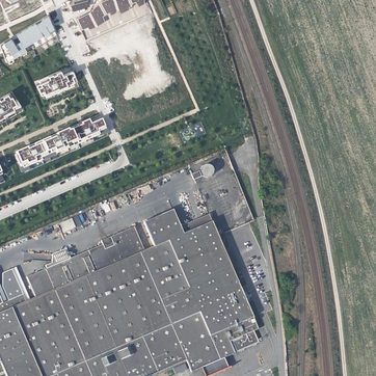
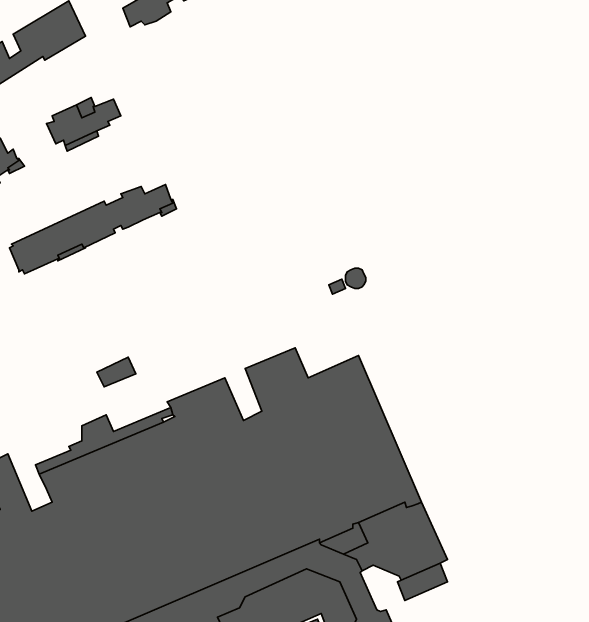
building: [211,331,236,357] -> none

